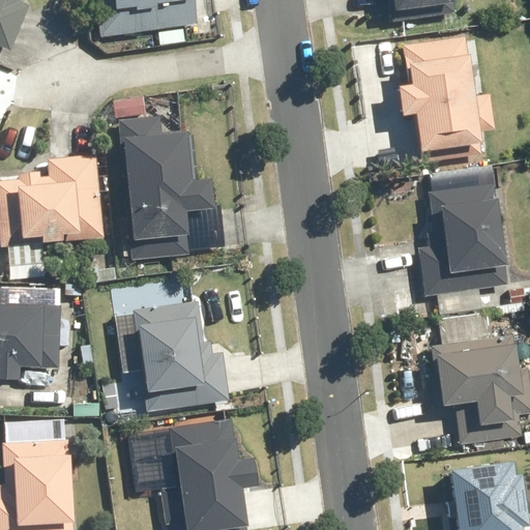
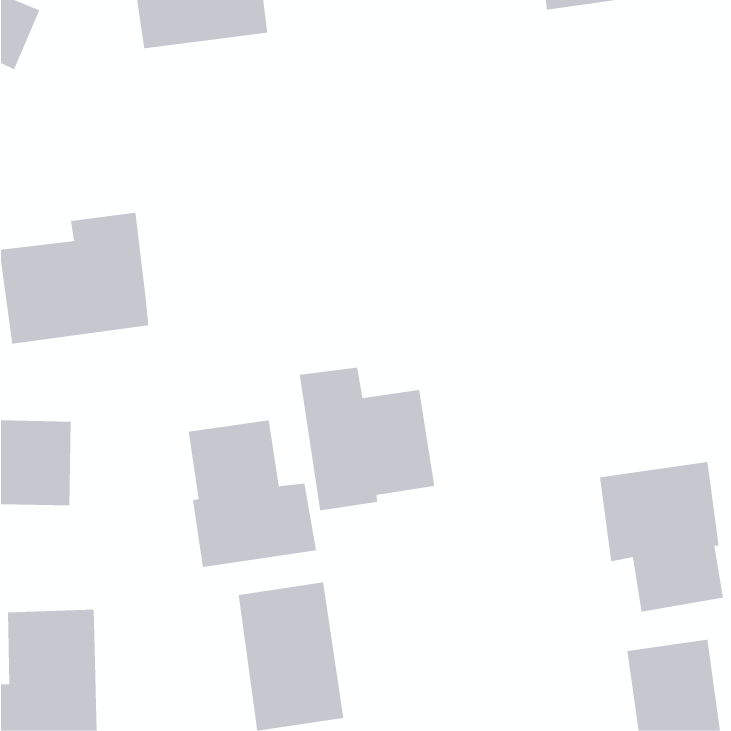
building: [404,38,480,157] -> none
building: [116,115,198,259] -> none
building: [421,182,507,294] -> none
building: none -> [299,367,435,511]

